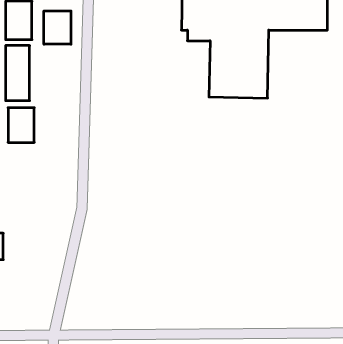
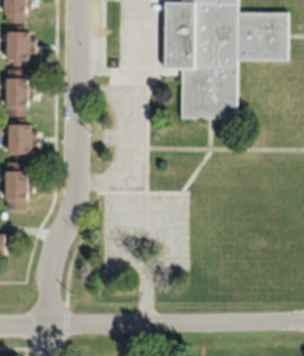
building: [44,11,71,44] -> none
building: none -> [7,170,27,207]

